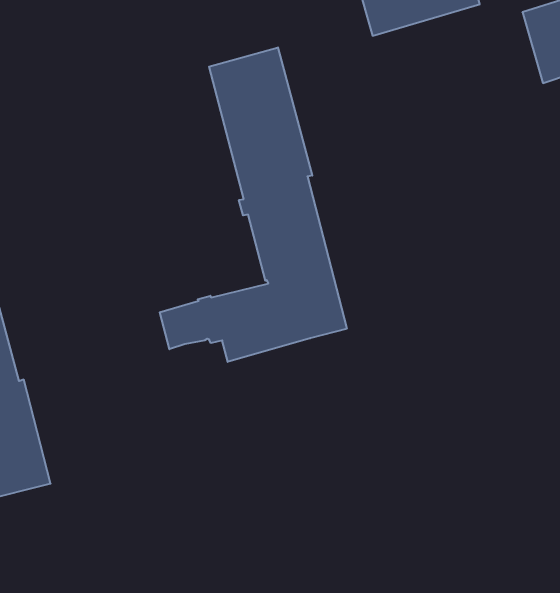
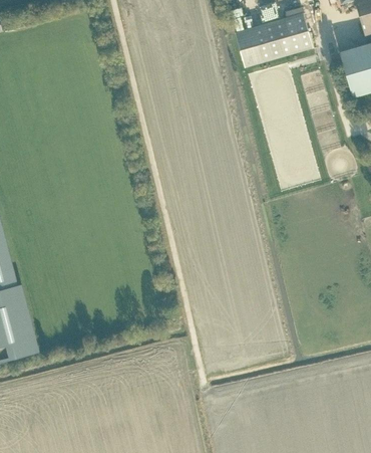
building: [160,47,347,362] -> none

